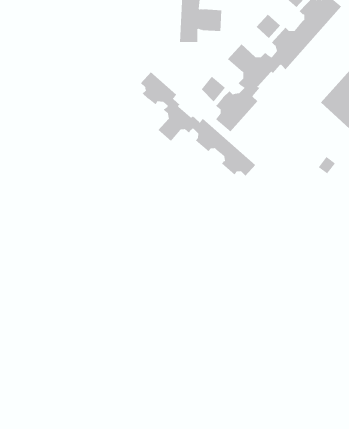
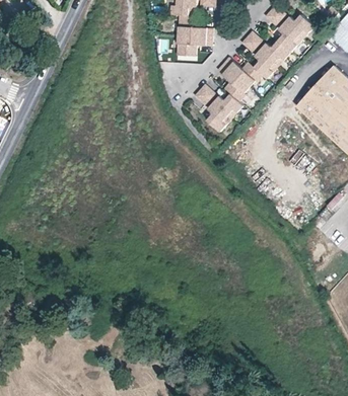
building: [140,71,256,176] -> none

